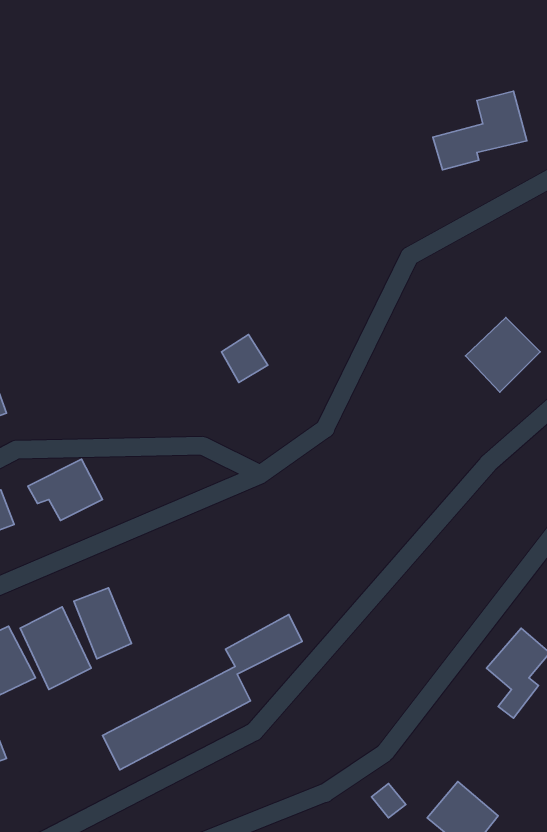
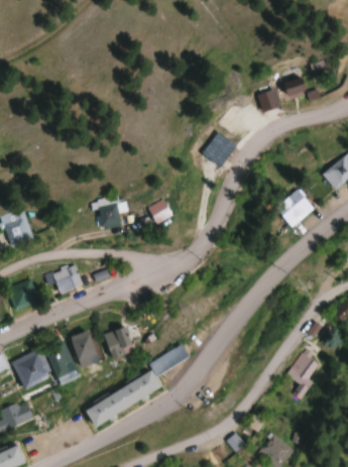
building: none -> [204,133,237,166]
building: none -> [99,197,120,226]
building: none -> [104,327,133,355]

